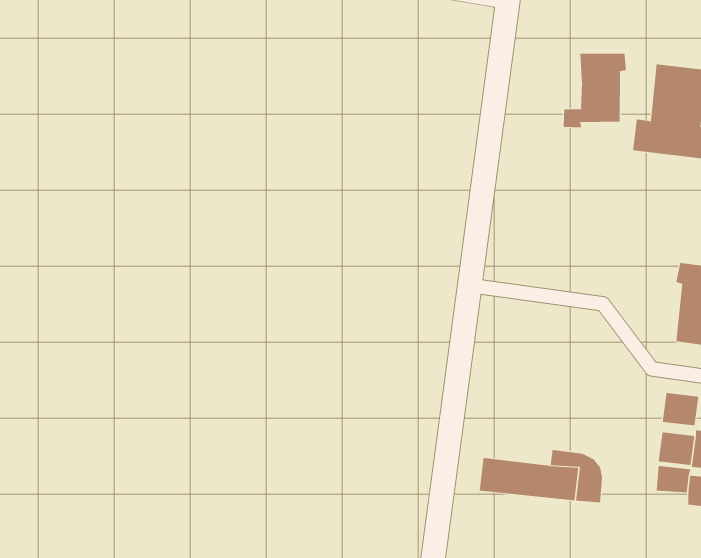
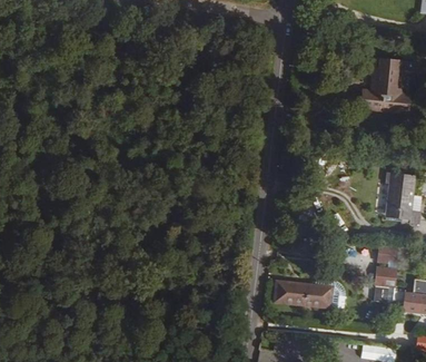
building: [563,53,626,128] -> none

